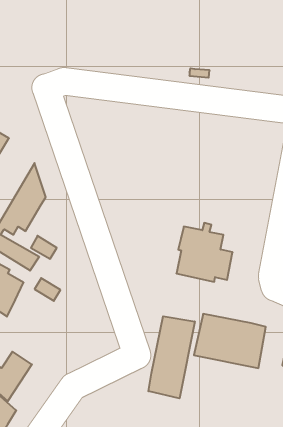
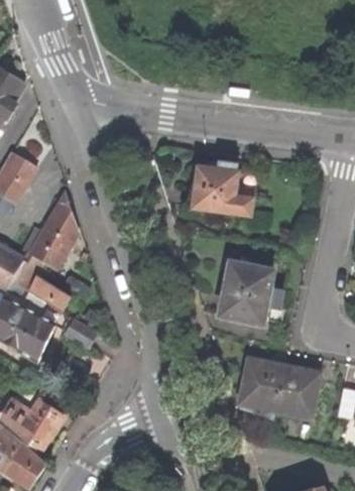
building: none -> [192,162,255,216]
building: [148,316,195,398] -> none

